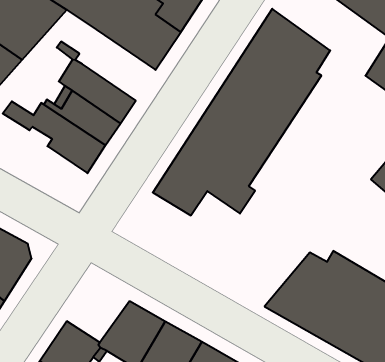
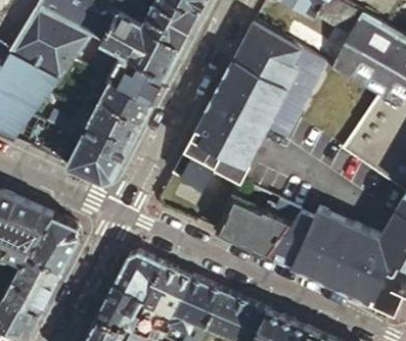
building: none -> [107,50,166,103]
building: none -> [266,49,332,143]
building: none -> [63,132,120,181]
building: none -> [220,200,302,256]
building: none -> [115,251,163,297]

